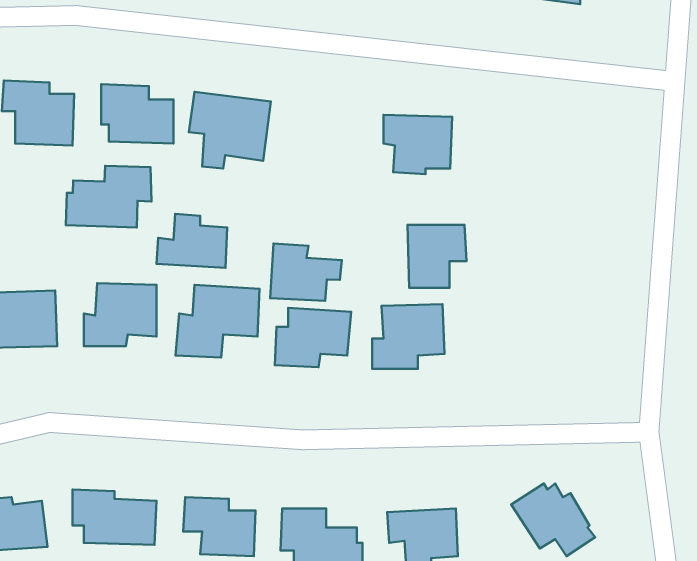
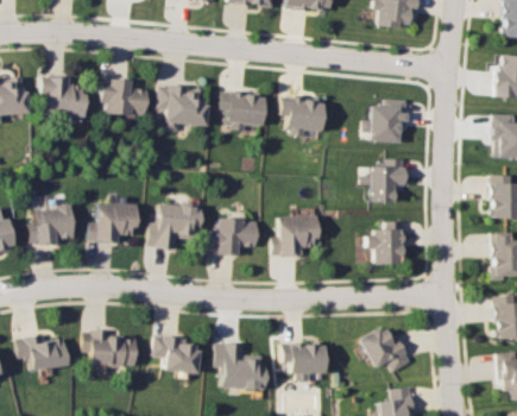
building: none -> [220,90,263,131]
building: none -> [360,99,405,140]
building: [66,166,151,227] -> none
building: [156,214,227,268] -> none
building: [407,225,467,288] -> [367,162,404,201]
building: [270,244,342,301] -> none
building: none -> [365,221,402,264]

